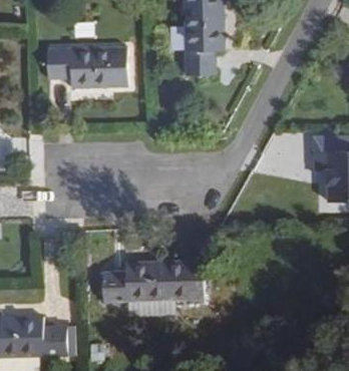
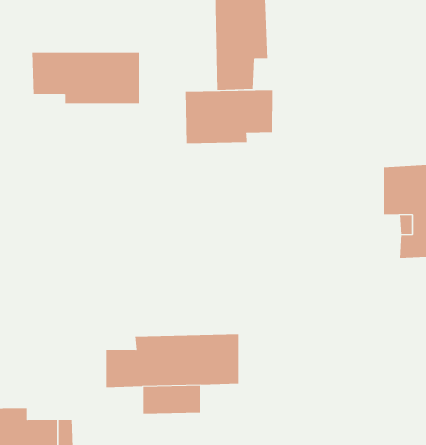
building: none -> [185,89,273,144]

